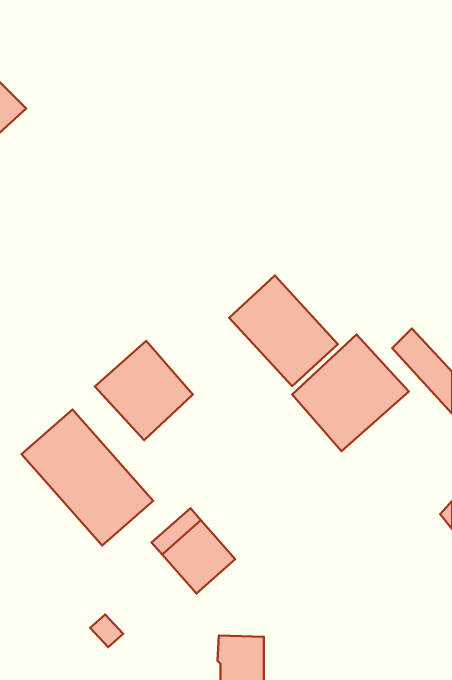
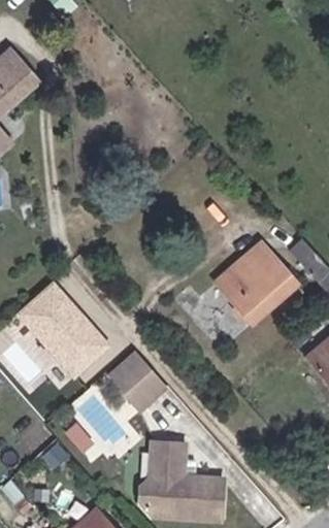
building: [229,276,338,386] -> none
building: [95,341,193,440] -> none

